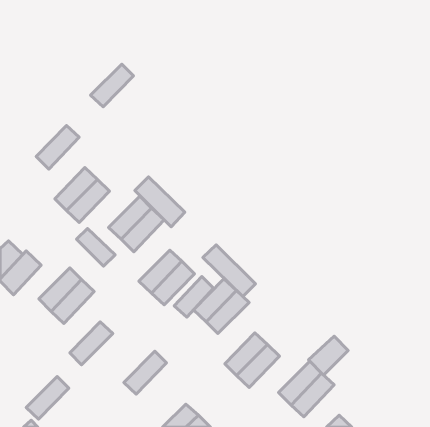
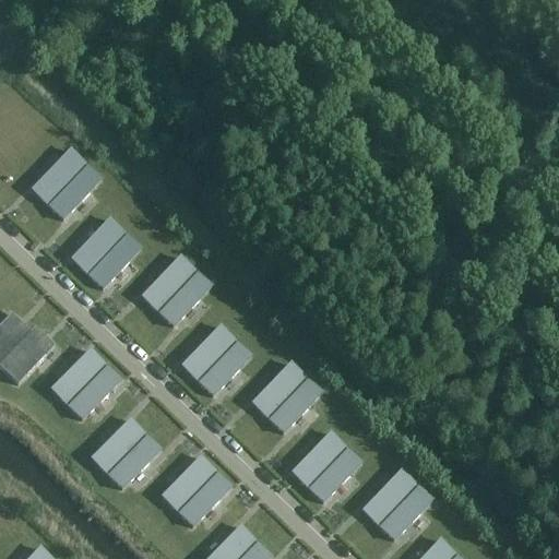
building: [91,64,134,107] -> [31,147,86,203]
building: [135,177,185,227] -> none
building: [77,229,115,266] -> none
building: [203,245,255,297] -> none
building: [174,277,214,317] -> none
building: [308,336,348,375] -> none
building: none -> [177,471,233,526]
building: [26,376,69,419] -> [106,432,162,488]

